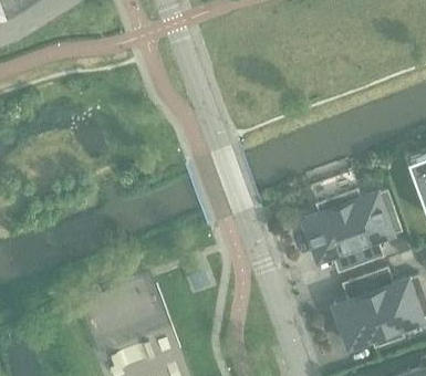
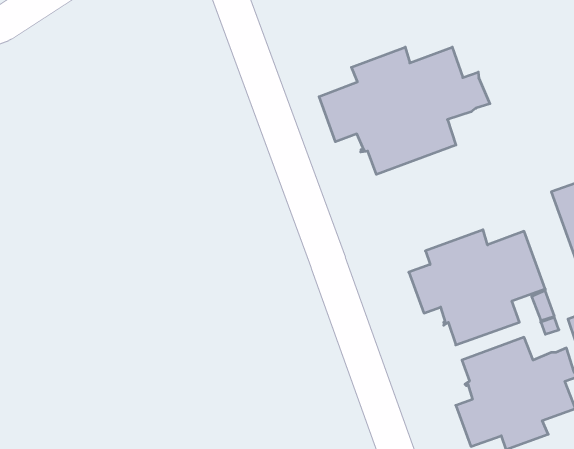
building: none -> [319,47,490,174]

